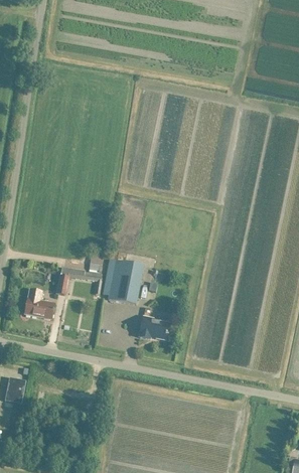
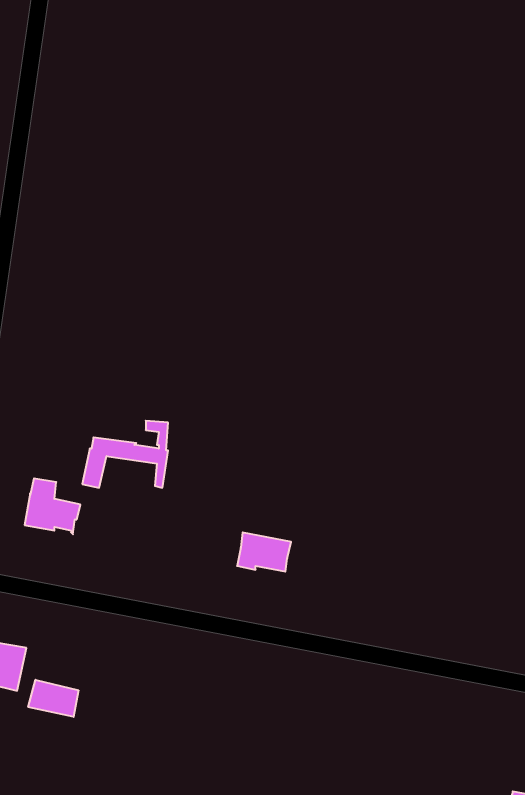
building: [102,260,143,304] -> none
building: none -> [28,680,78,717]

